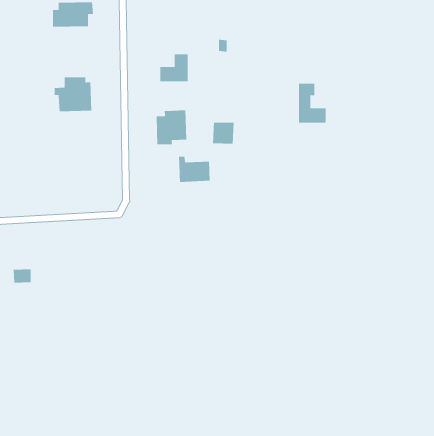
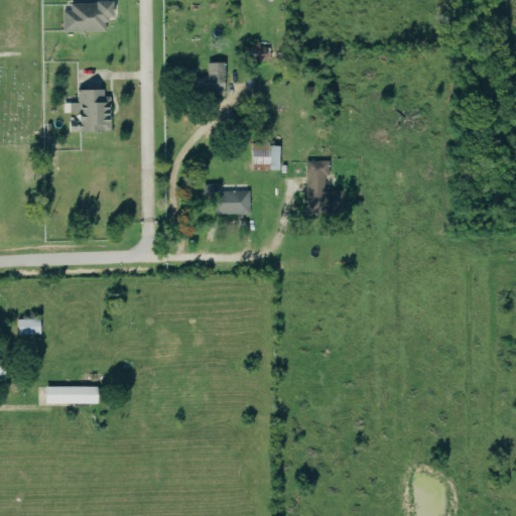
building: [298,83,326,123] -> [309,161,343,209]
building: [156,109,187,145] -> none
building: none -> [46,385,99,401]

